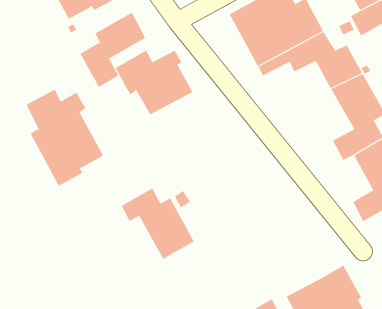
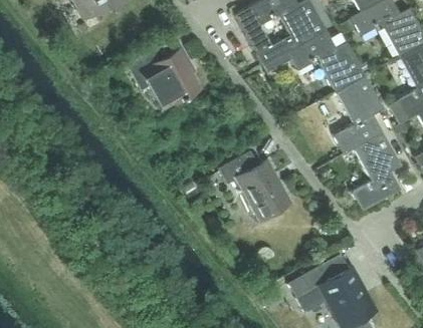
building: [79,12,146,88] -> none
building: [26,89,104,187] -> none
building: [121,188,195,260] -> [219,150,289,219]

